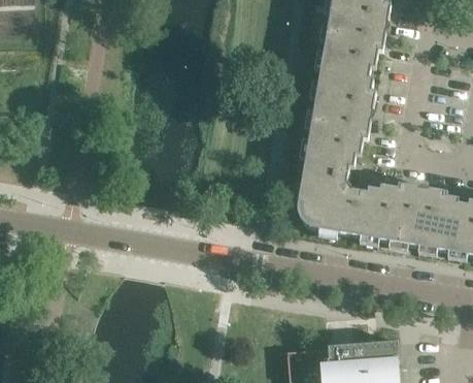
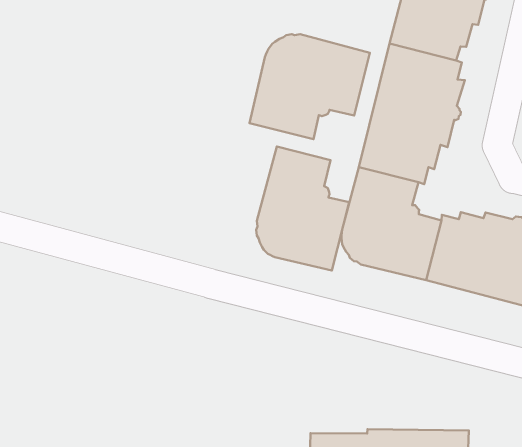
building: none -> [249,34,370,139]
building: none -> [256,146,349,270]

